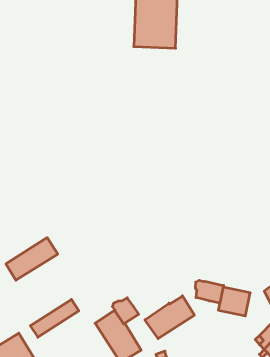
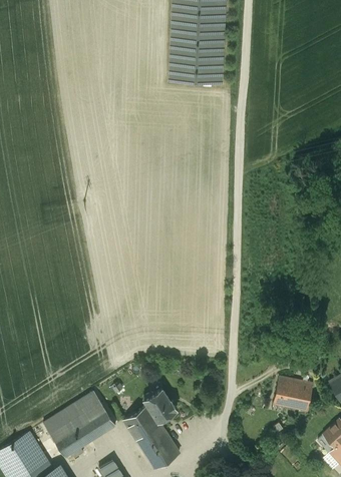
building: [6,238,58,280] -> [53,405,116,457]
building: [195,280,224,303] -> none
building: [145,296,194,339] -> none

